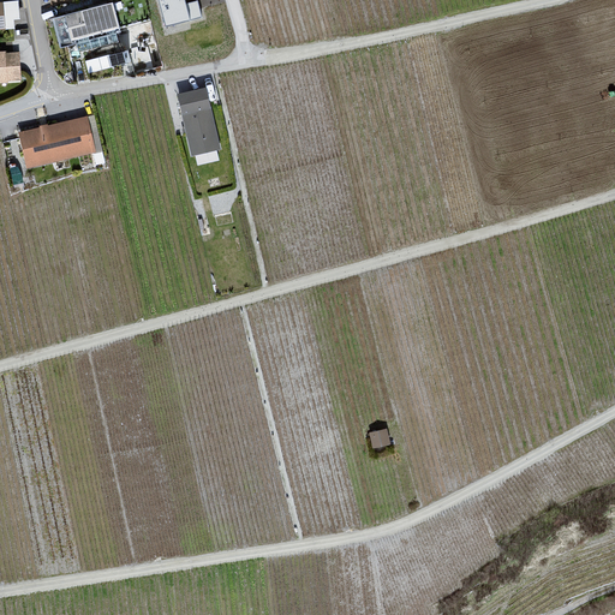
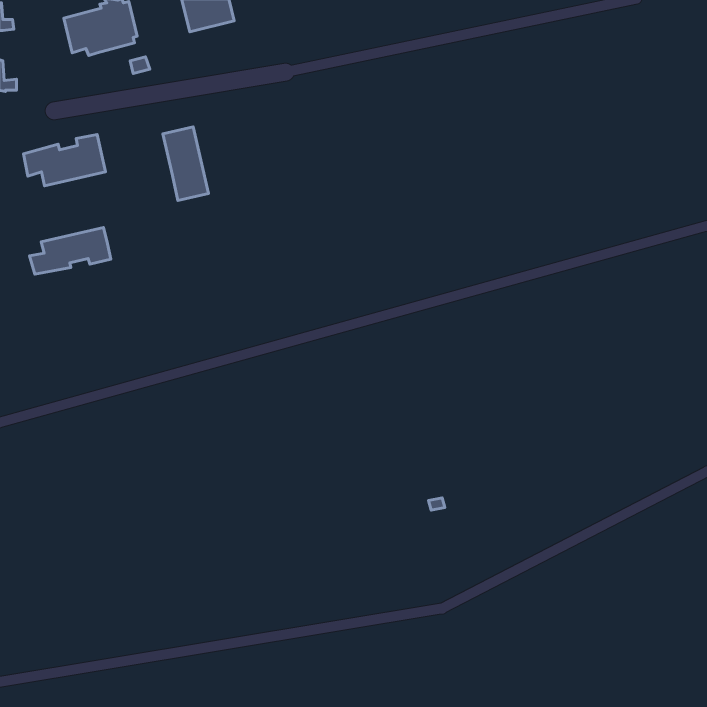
building: [178,89,217,153] -> [163,127,208,200]
building: none -> [30,228,111,274]

